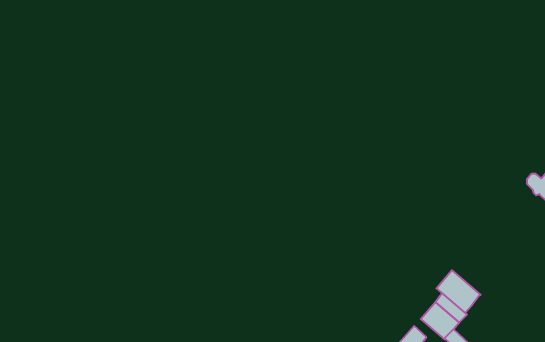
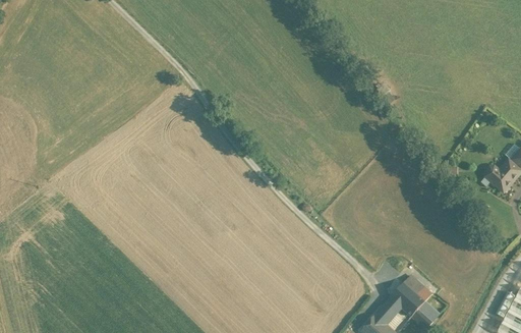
building: [436,270,481,313] -> none

